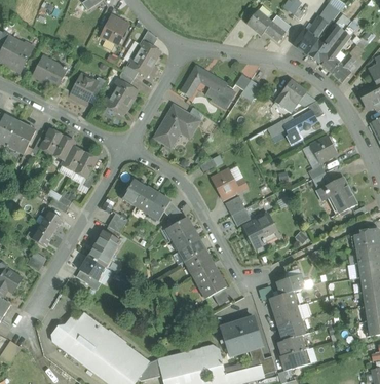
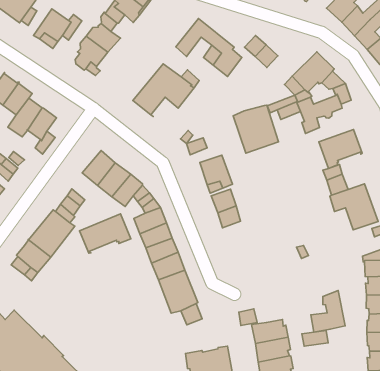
building: none -> [233,105,278,153]
building: [243,214,277,244] -> none
building: none -> [80,214,131,253]
building: [276,260,304,295] -> [311,291,345,332]

